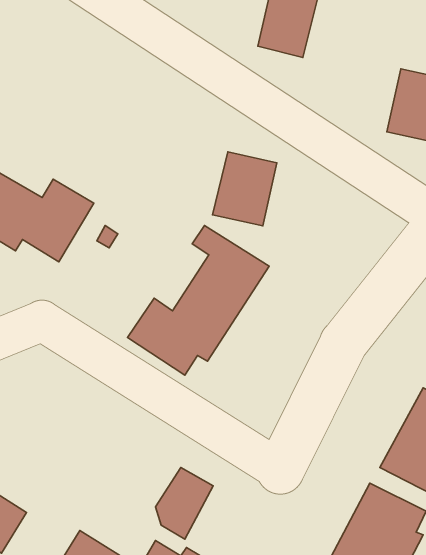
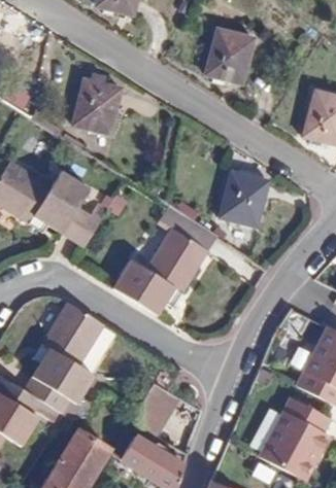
building: none -> [74,79,121,133]
building: [212,152,277,226] -> [221,172,268,226]
building: none -> [25,302,104,420]

